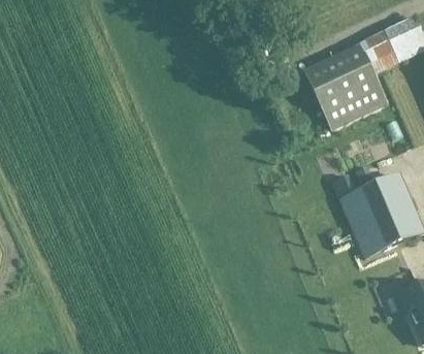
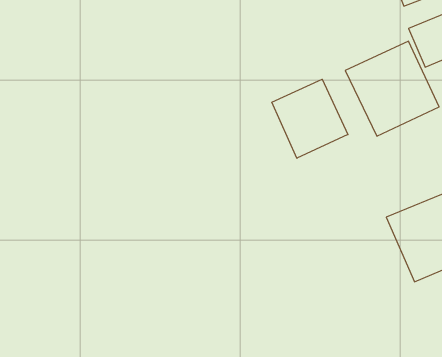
building: none -> [272,79,348,158]

